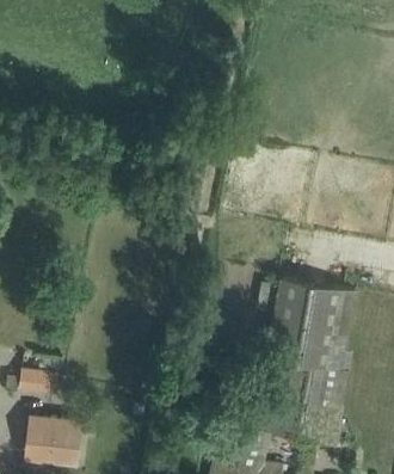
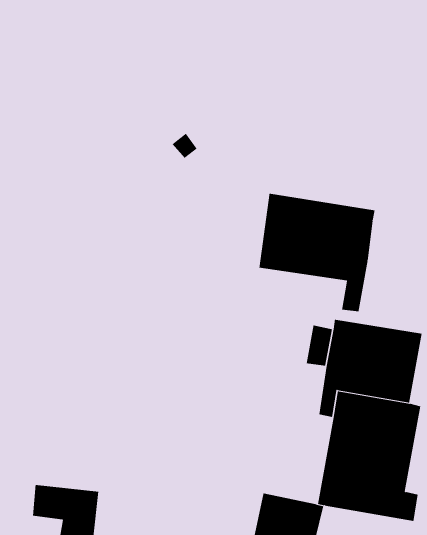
building: none -> [259,193,375,312]
building: [20,369,59,392] -> none

